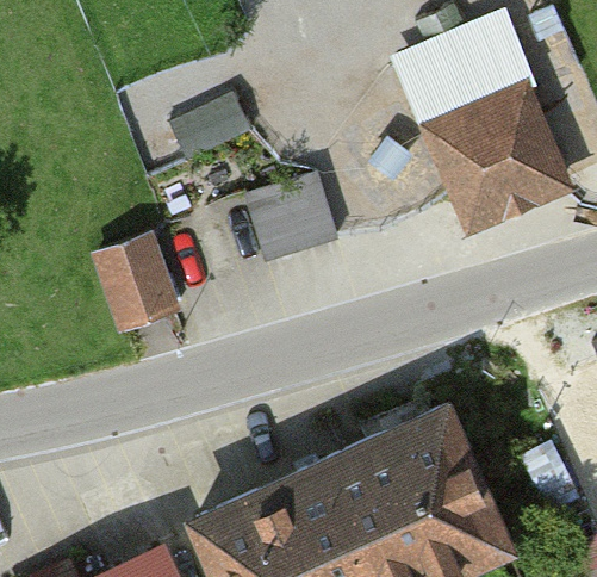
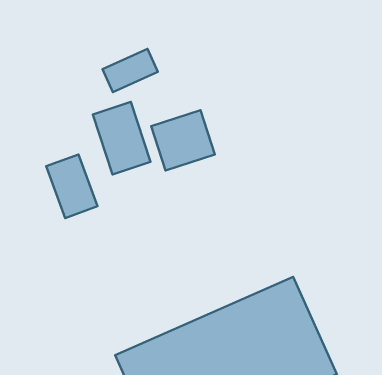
building: [409,36,562,222] -> none
building: none -> [93,102,151,174]

